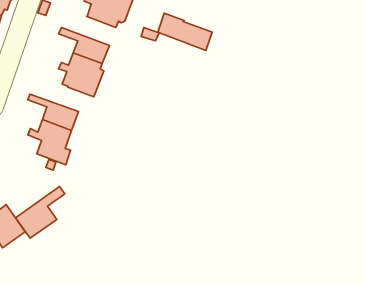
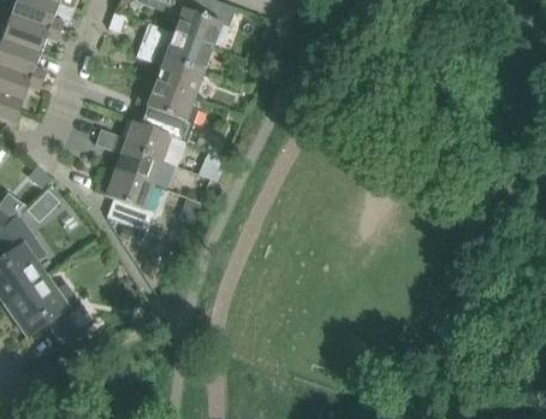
building: [158,13,212,50] -> [140,22,212,71]
building: none -> [97,118,183,164]
building: [15,187,65,238] -> none

